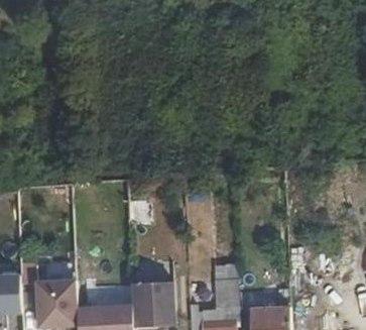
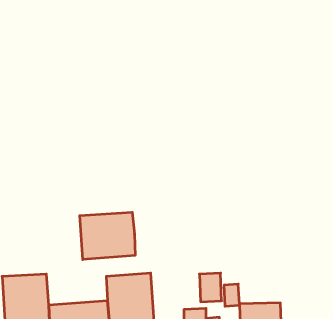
building: none -> [80,212,135,260]

